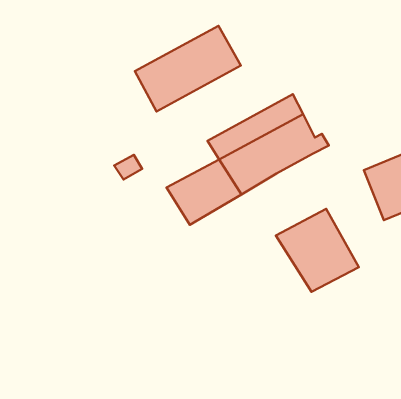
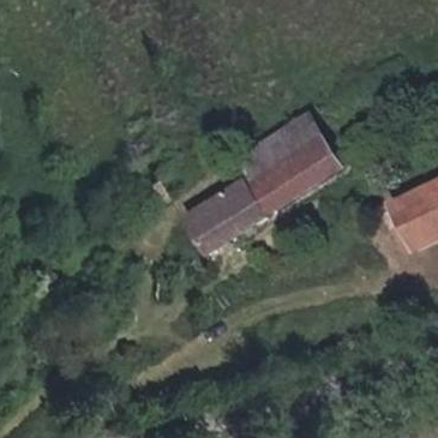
building: [135,26,241,112] -> none
building: [276,209,359,292] -> none

